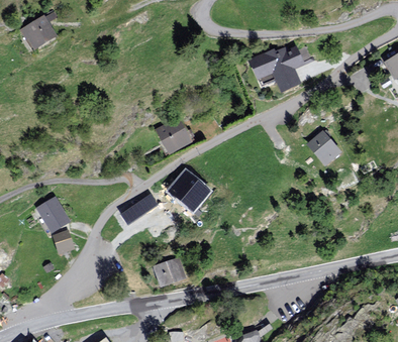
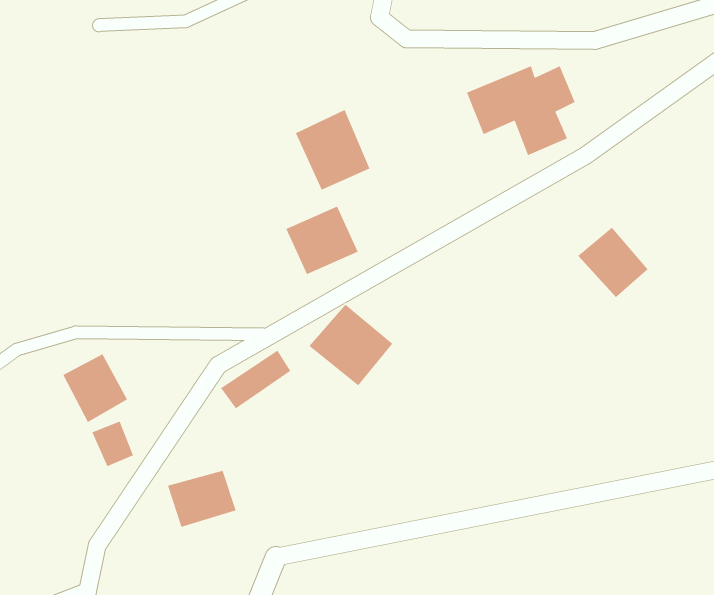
building: [21,16,55,48] -> none
building: none -> [295,109,370,190]
building: [153,257,189,288] -> [167,470,236,528]

